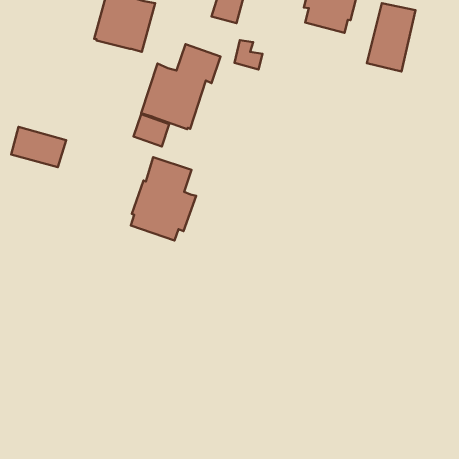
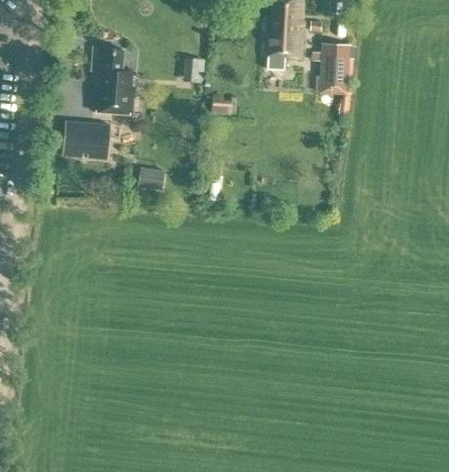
building: [141,44,220,129] -> none
building: [11,127,66,167] -> [68,123,110,151]
building: [131,157,196,240] -> none

